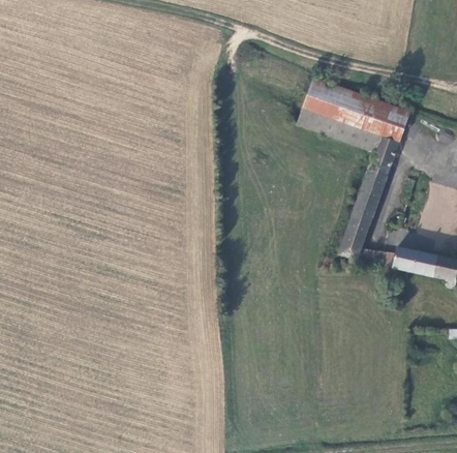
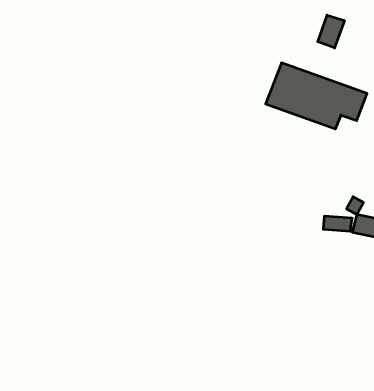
building: none -> [318,15,344,48]
building: [338,137,398,260] -> none

